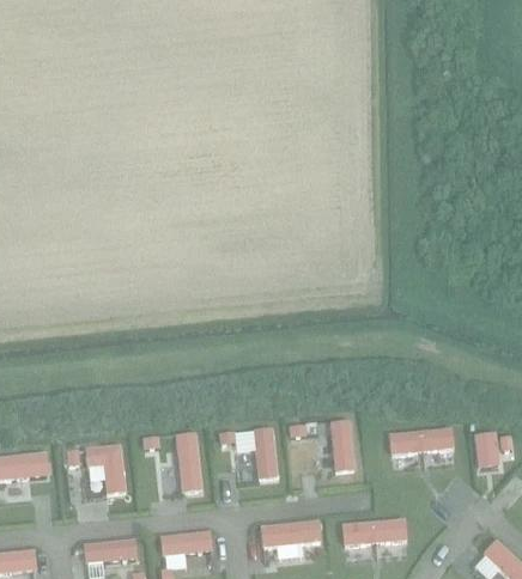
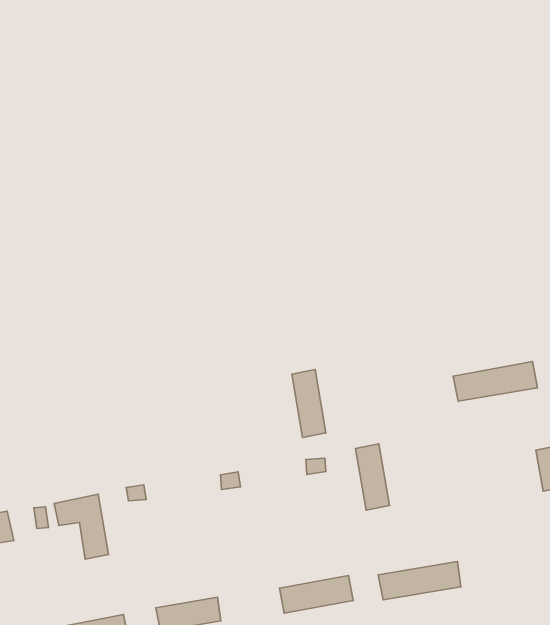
building: [388,426,455,453] -> [453,361,537,401]
building: [254,428,278,482] -> [292,370,326,438]
building: [176,431,204,492] -> none

